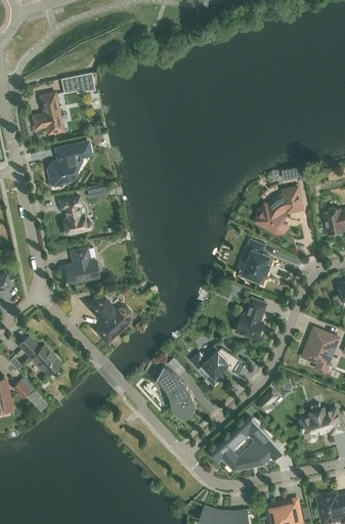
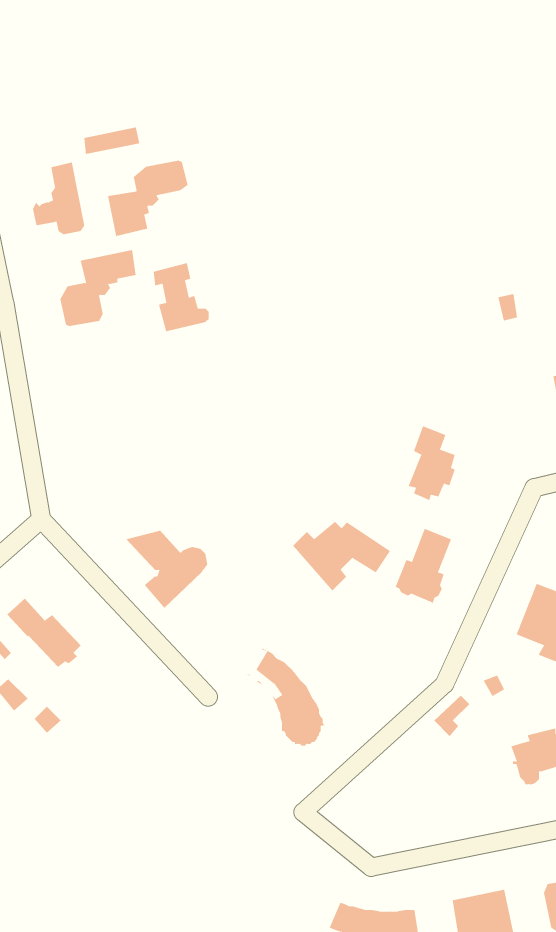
building: none -> [107,160,188,237]
building: [256,187,302,231] -> none
building: [59,195,91,234] -> [153,262,209,332]
building: [64,248,101,282] -> none
building: [191,344,247,385] -> [292,518,391,592]
building: [212,418,284,469] -> none

